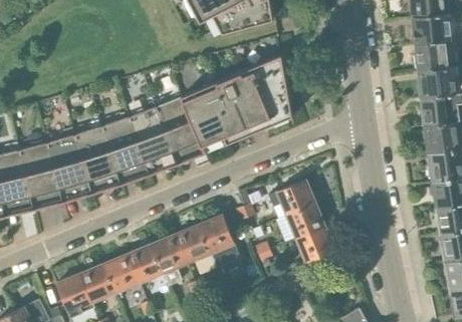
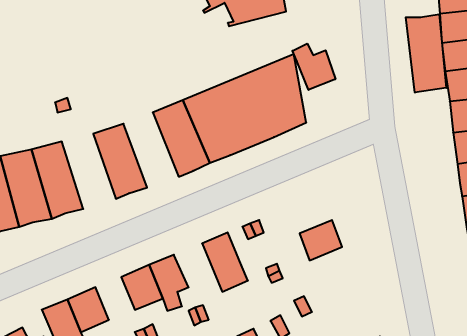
building: none -> [406,14,446,93]
building: none -> [292,44,335,90]
building: [128,107,177,175] -> none
building: [72,126,121,194] -> none
building: [267,180,314,216] -> none
building: [173,225,216,275] -> none
building: [294,228,333,263] -> none
building: [102,255,138,293] -> none

